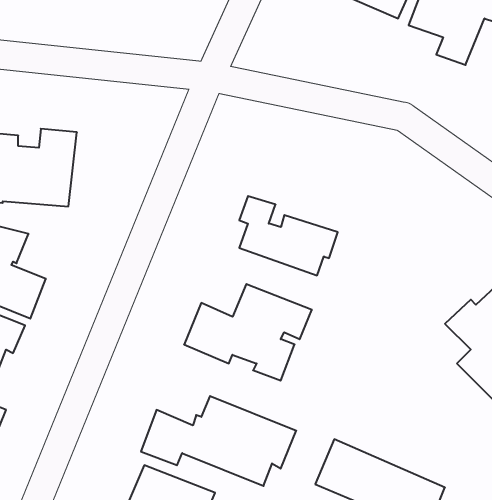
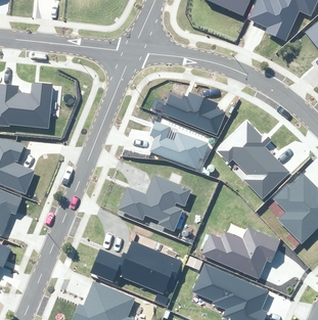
building: none -> [158,91,226,135]
building: none -> [216,121,289,198]
building: none -> [200,227,280,278]

